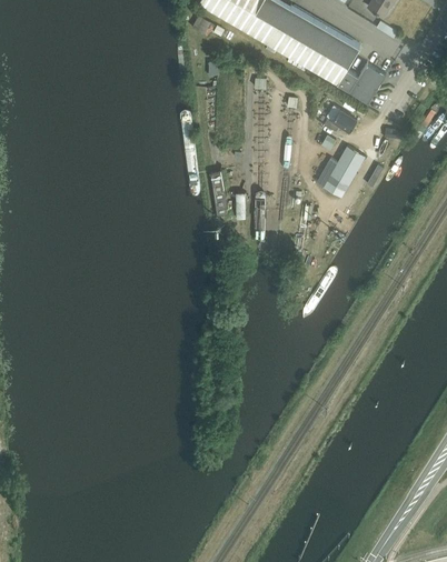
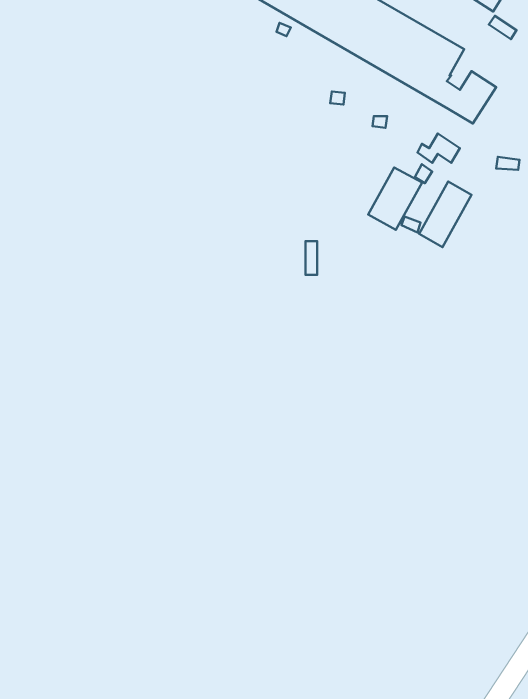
building: none -> [368,167,422,230]

